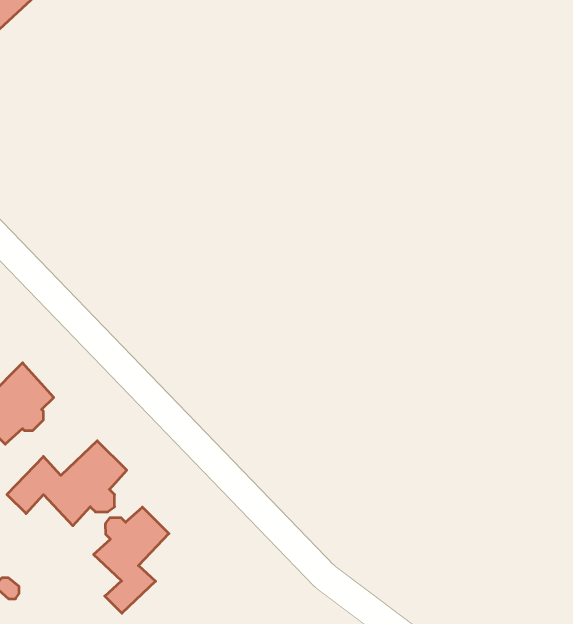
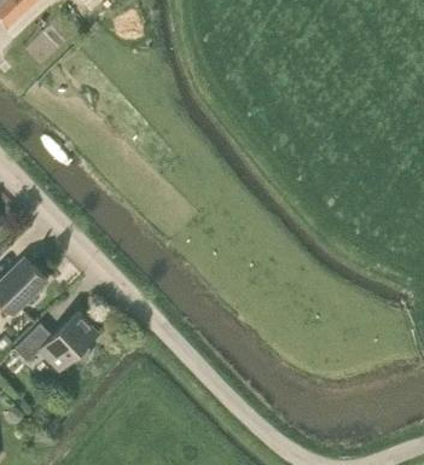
building: [94,507,169,613] -> none

